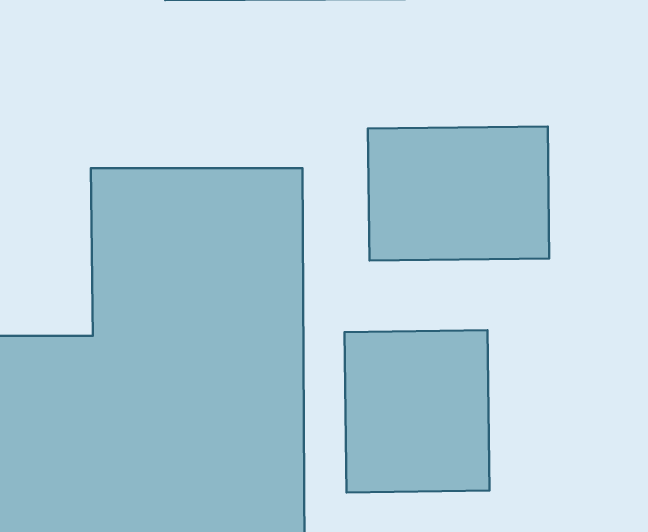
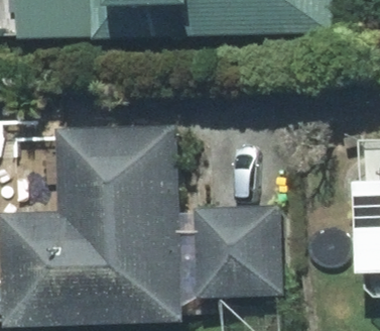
building: [368,127,549,260] -> none

